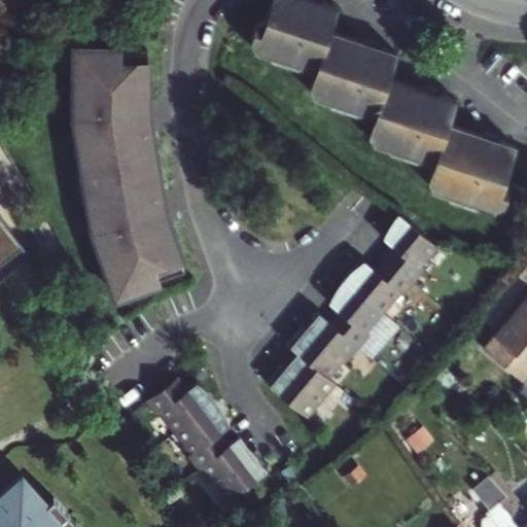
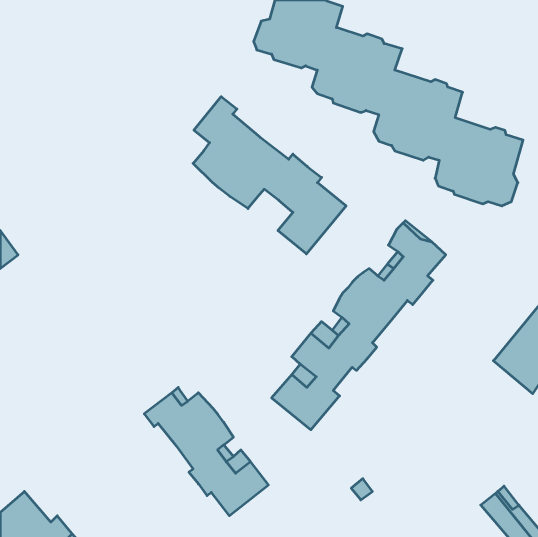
building: [73,55,183,302] -> none
building: none -> [193,97,346,254]

